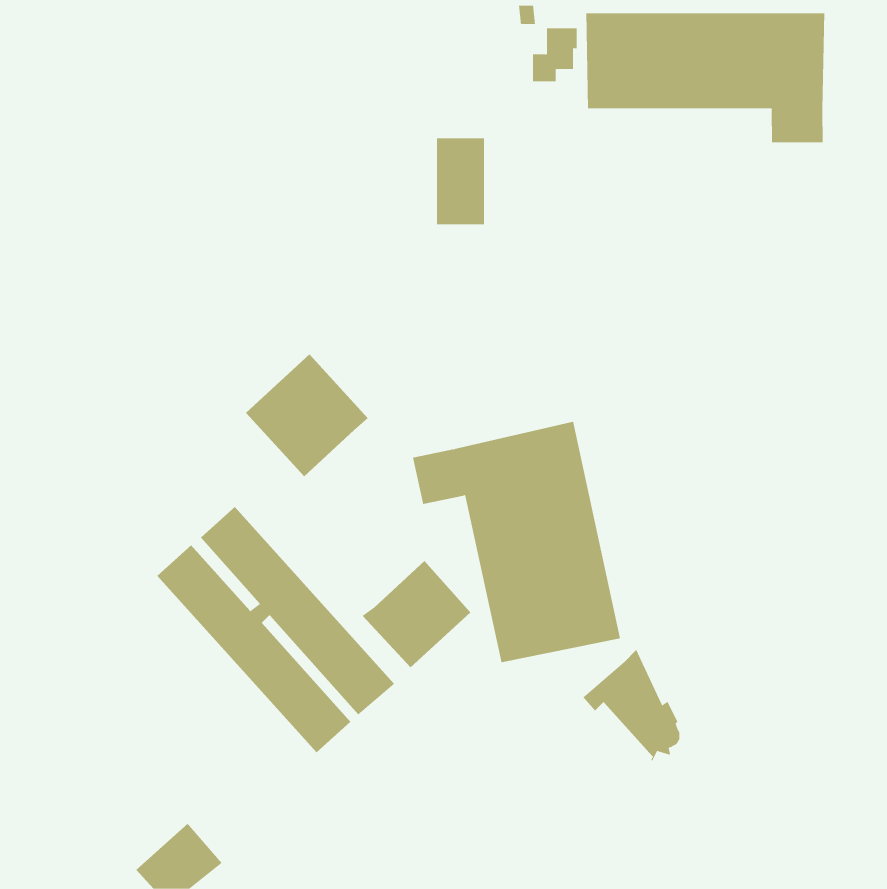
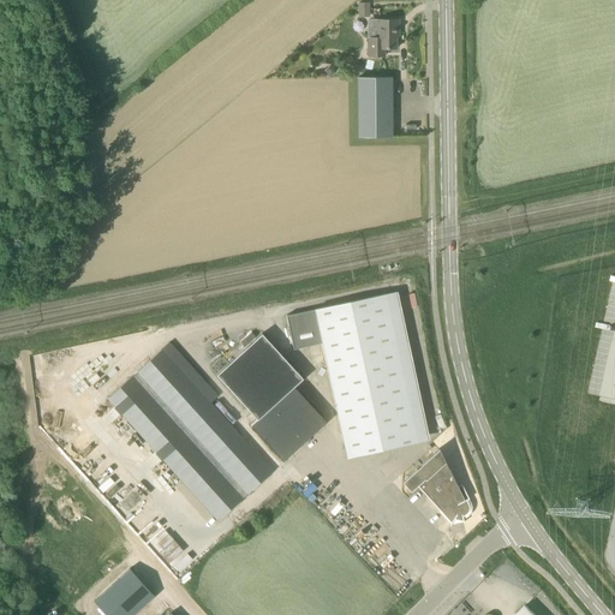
building: [586,13,825,143] -> none
building: [436,138,485,225] -> [359,77,393,137]
building: [245,354,369,477] -> [219,334,304,419]

